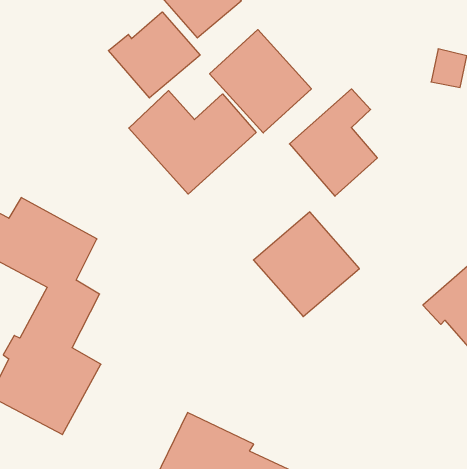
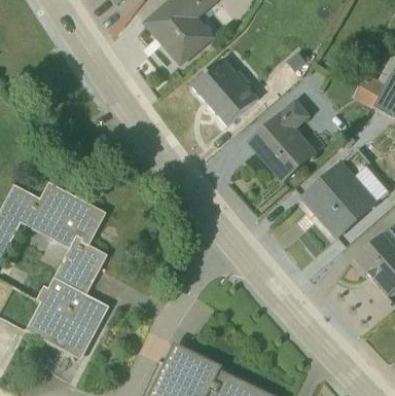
building: [108,12,200,98] -> none
building: [129,91,256,194] -> none
building: [253,212,359,317] -> [298,160,378,239]

